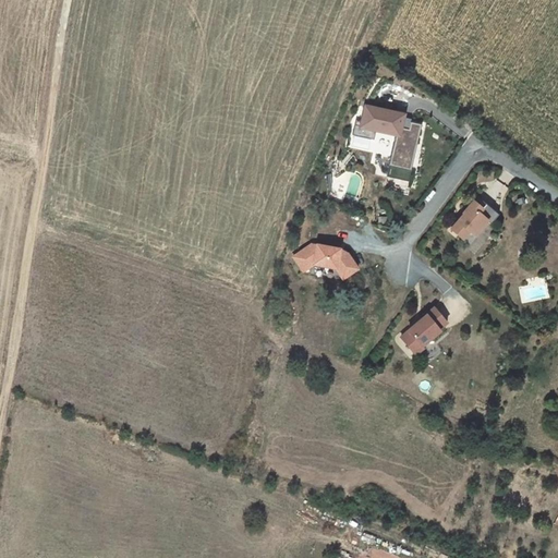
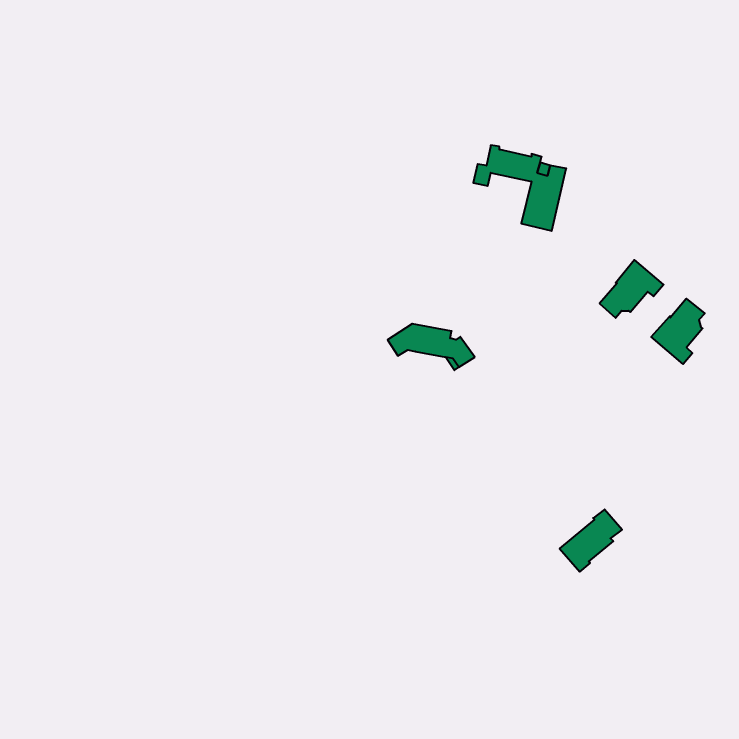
building: none -> [651,299,705,364]
building: [400,307,447,354] -> [560,509,622,572]

